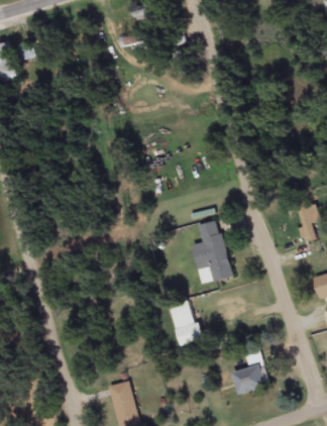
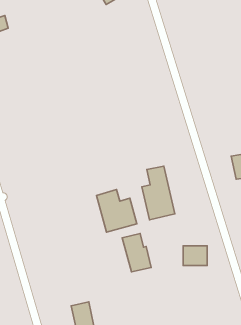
building: none -> [96,190,137,232]
building: [235,366,263,390] -> [183,246,207,266]

